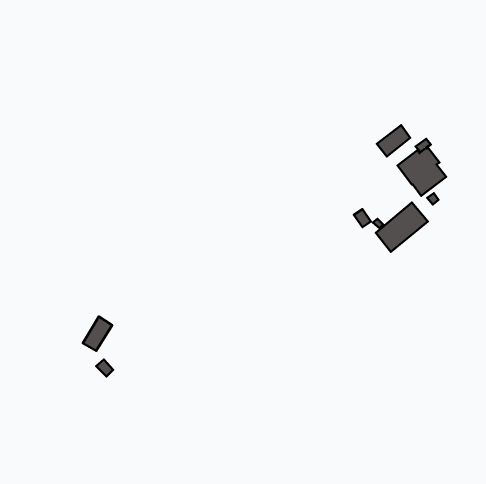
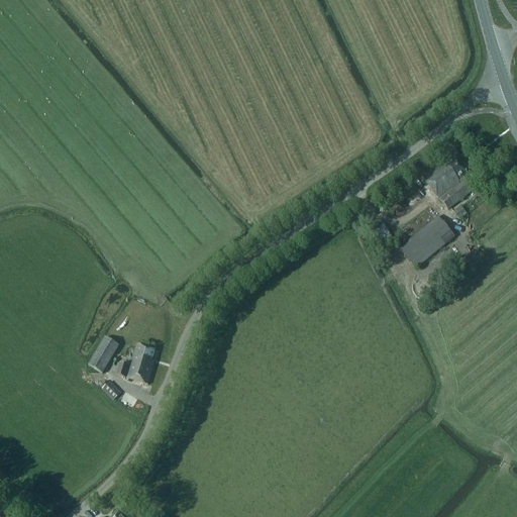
building: [377,125,410,156] -> none
building: none -> [116,343,156,384]

